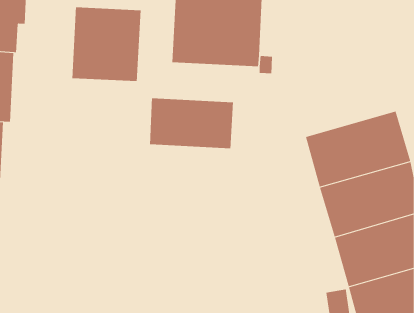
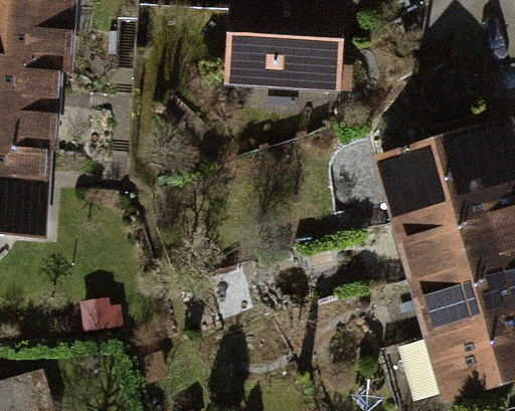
building: [72,6,141,82] -> none
building: [149,98,233,149] -> none

